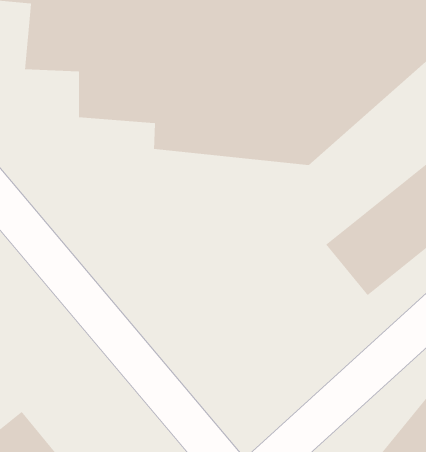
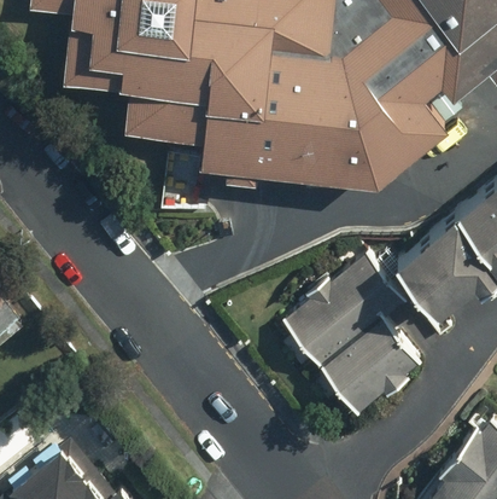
building: none -> [276,257,419,420]

